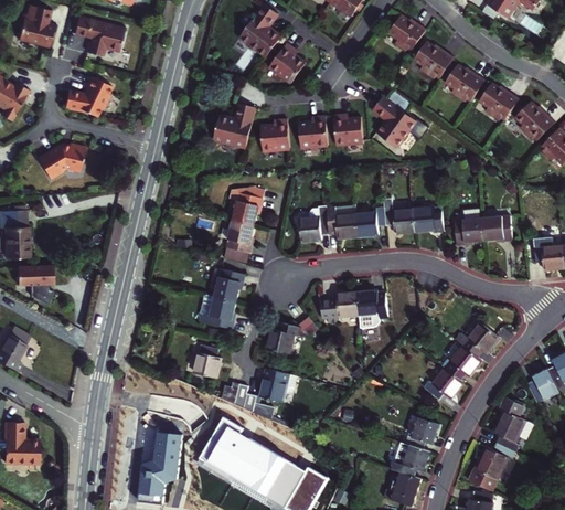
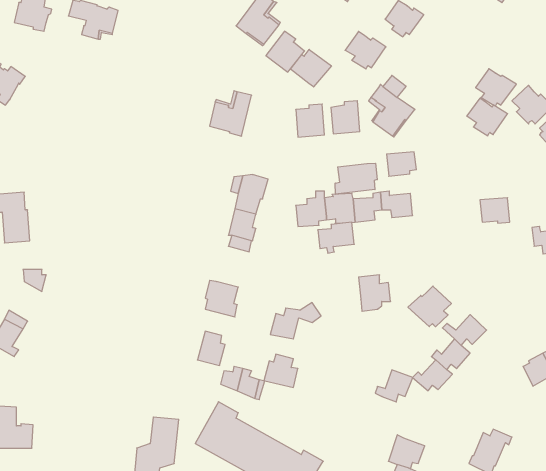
building: [413,41,454,78] -> [345,31,386,69]
building: none -> [290,49,331,87]
building: [444,64,484,102] -> [467,98,508,136]
building: [63,76,109,115] -> none
building: [259,121,288,155] -> none
building: [34,141,83,177] -> none
building: none -> [335,163,377,194]
building: [413,205,443,230] -> [387,152,416,176]
building: [454,214,484,243] -> none
building: [13,264,50,284] -> none
building: [218,270,250,301] -> none
building: [327,291,363,322] -> [318,222,354,253]
building: none -> [408,286,451,327]
building: [492,397,524,451] -> none
building: [399,426,437,458] -> [375,370,413,402]

